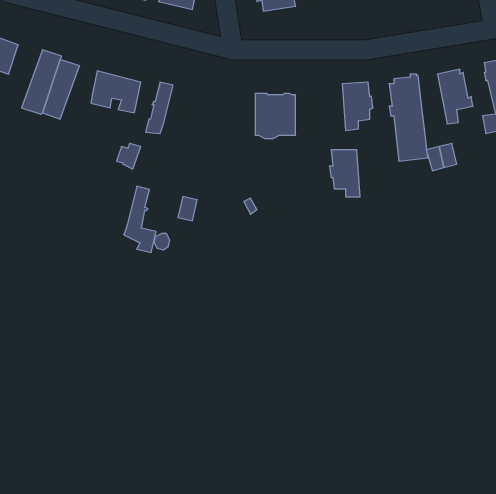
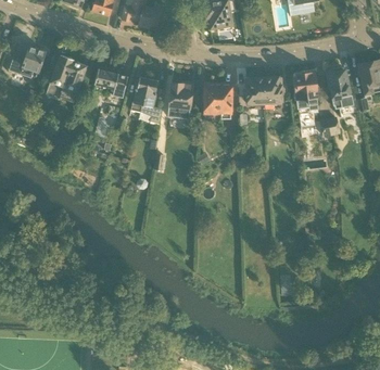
building: none -> [168,82,192,113]
building: [329,150,360,197] -> [244,78,265,110]
building: [124,186,156,252] -> [140,79,162,124]

